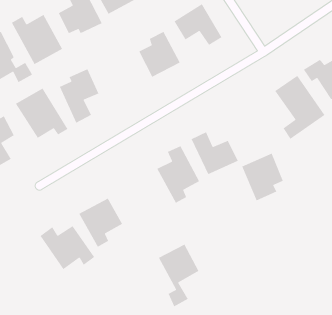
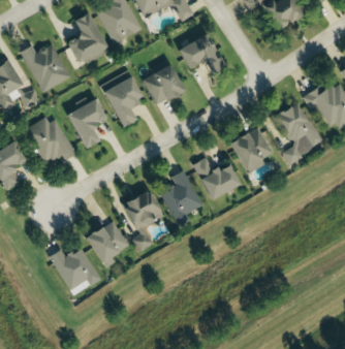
building: none -> [100,71,145,127]
building: [241,152,284,201] -> [231,127,273,174]
building: [158,243,200,308] -> [124,190,164,252]

